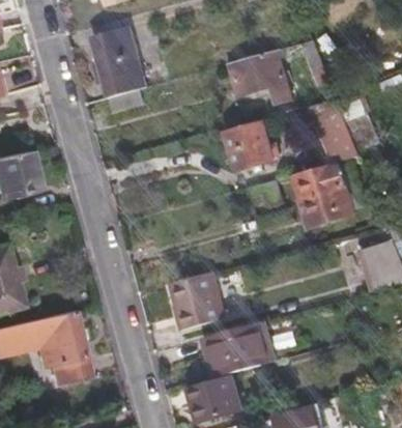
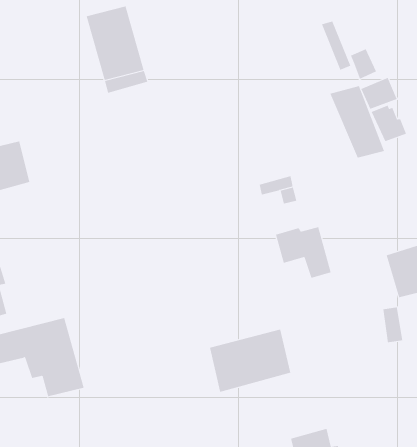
building: [233,51,295,105] -> none
building: [228,131,277,174] -> none
building: [299,169,350,216] -> [275,226,332,278]
building: [168,270,220,327] -> none
building: [189,375,240,419] -> none

